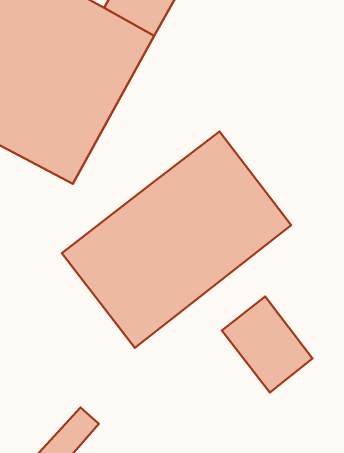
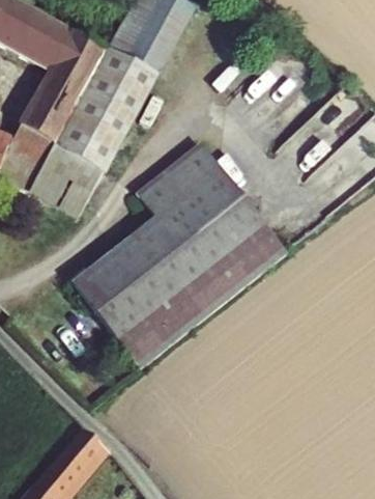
building: none -> [137,143,219,215]
building: [222,297,312,392] -> none

